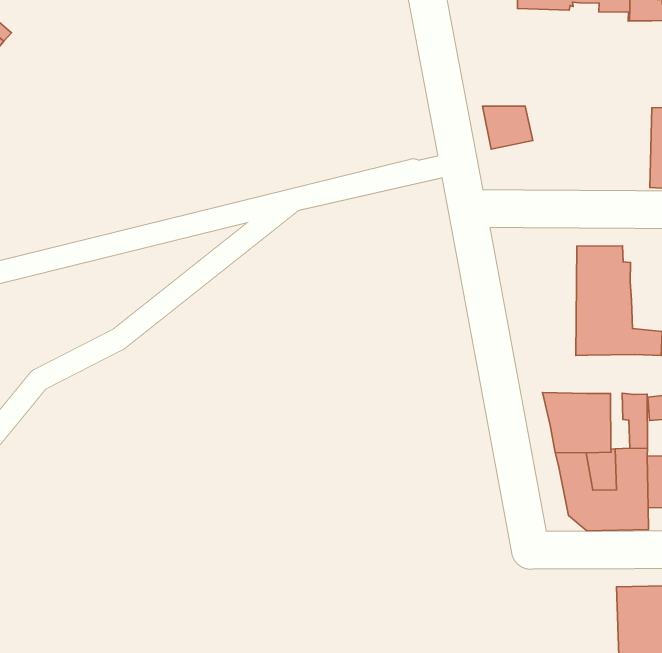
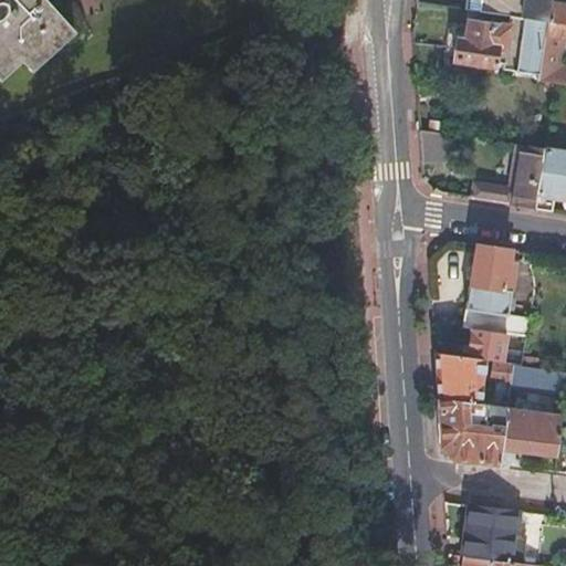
building: none -> [472,145,546,209]
building: none -> [468,328,507,363]

